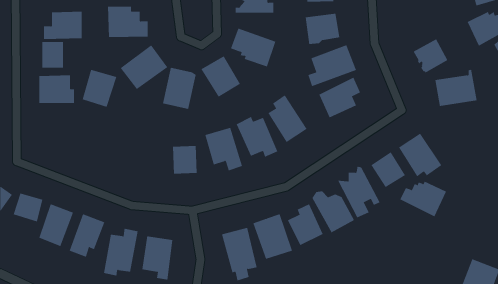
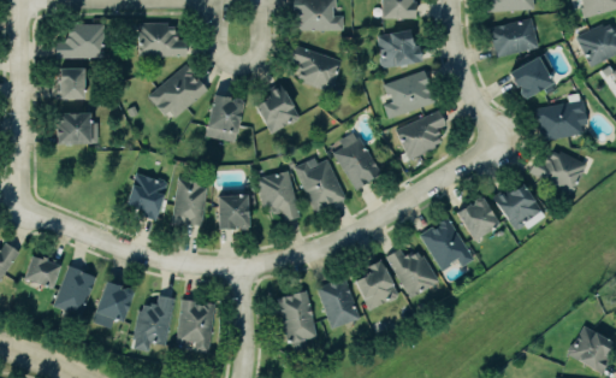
building: none -> [488,19,539,59]
building: [82,69,117,107] -> [123,170,166,217]
building: none -> [168,175,207,225]
building: [400,181,447,217] -> [529,152,587,196]

